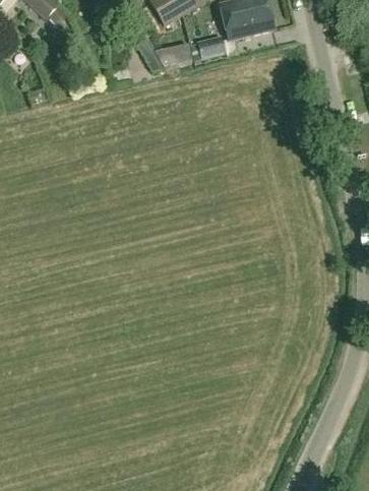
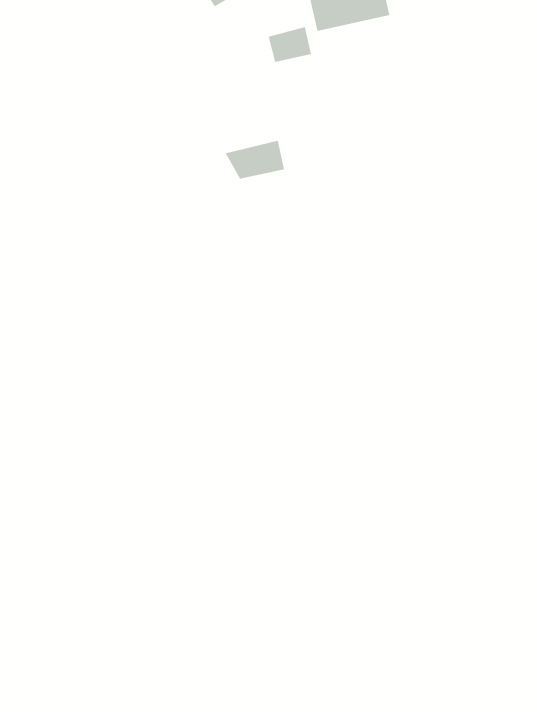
building: [156,43,193,67] -> [225,140,285,179]

